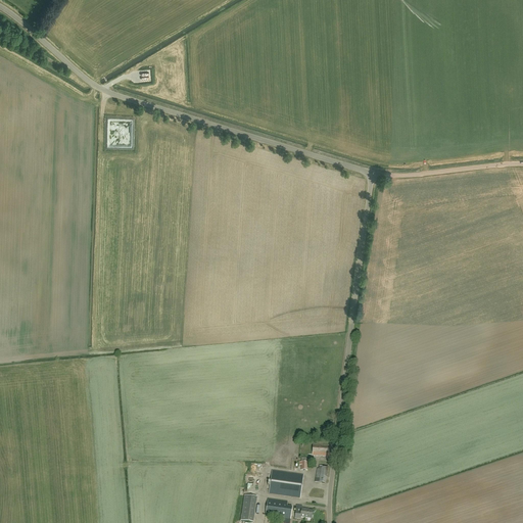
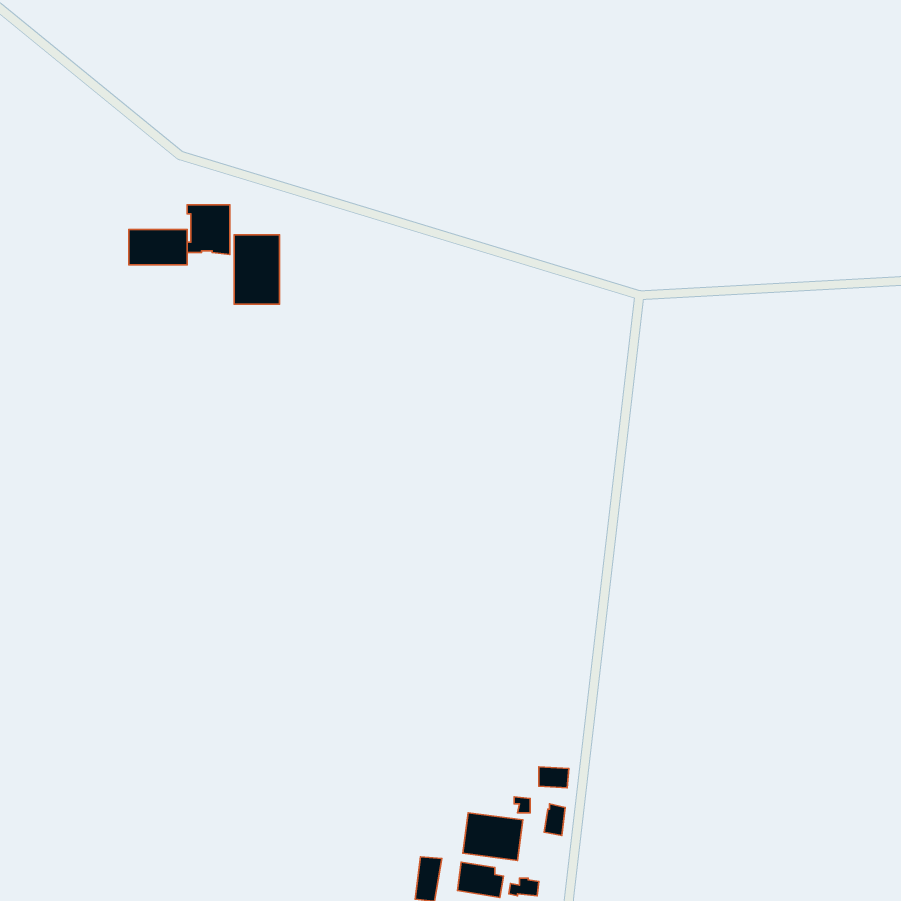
building: none -> [129,229,187,265]
building: none -> [234,235,279,304]

